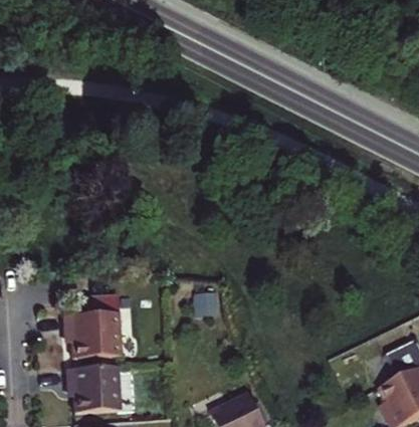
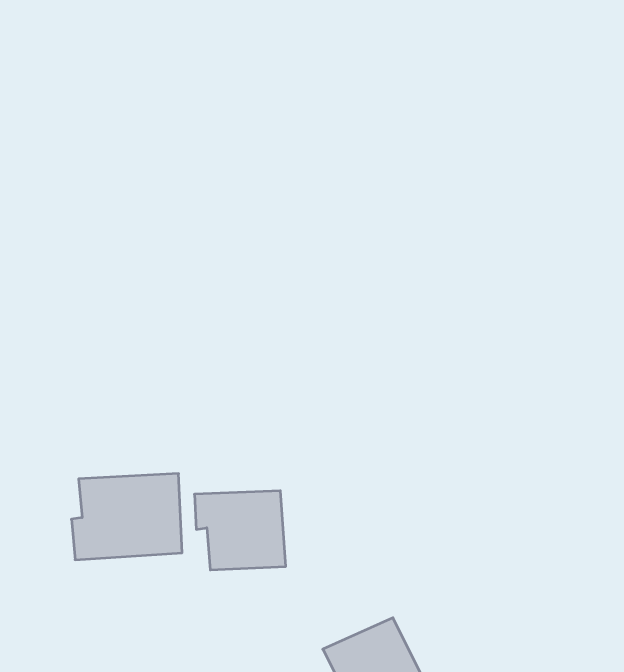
building: [65,365,118,410] -> [194,491,286,570]

